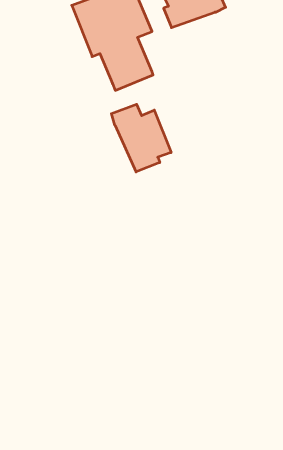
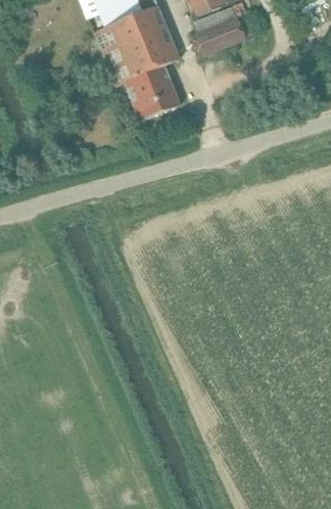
building: [111,104,171,172] -> none

